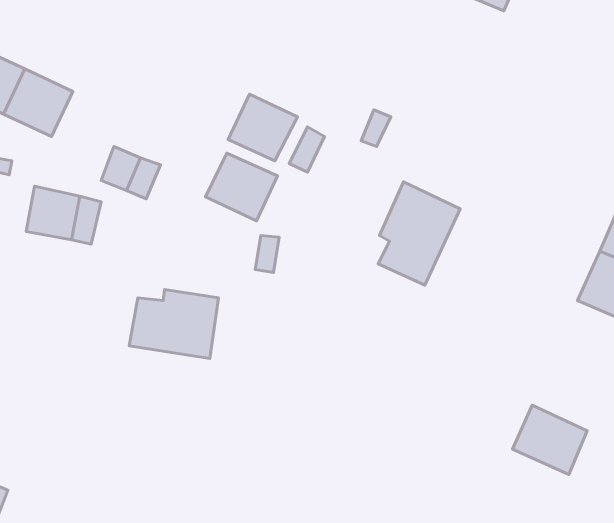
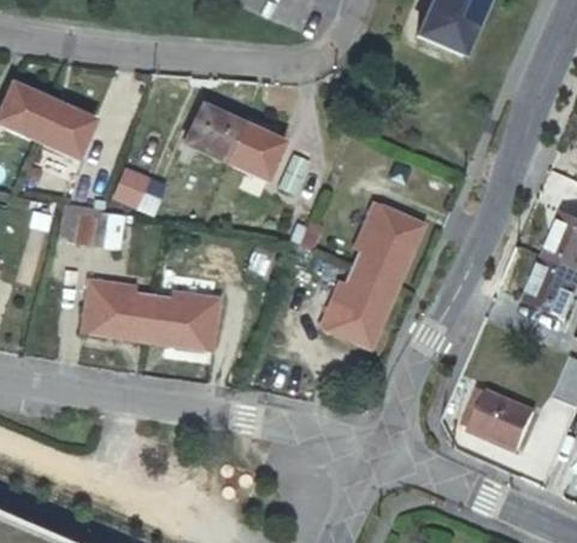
building: [205,153,278,221] -> [184,105,246,163]
building: none -> [322,268,395,347]
building: none -> [83,279,151,338]

